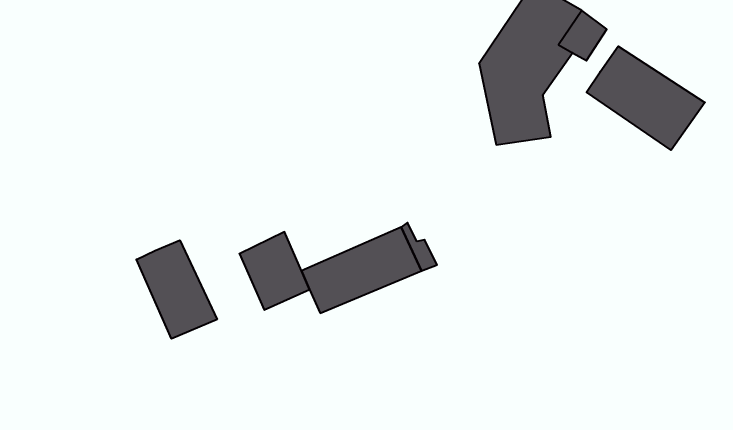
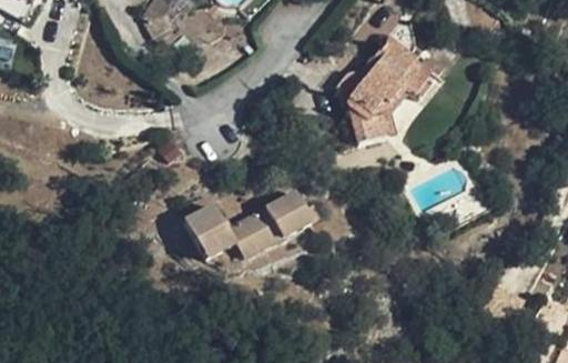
building: [587,46,705,150] -> none
building: [136,240,217,339] -> none

